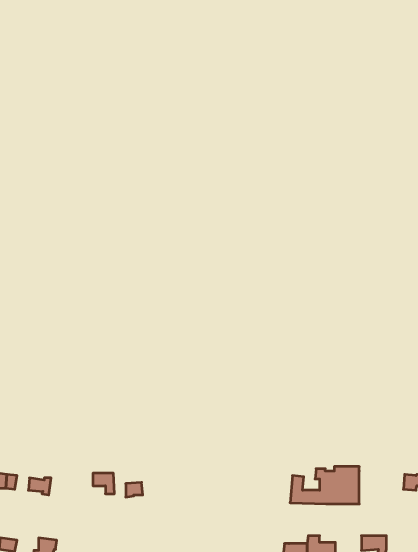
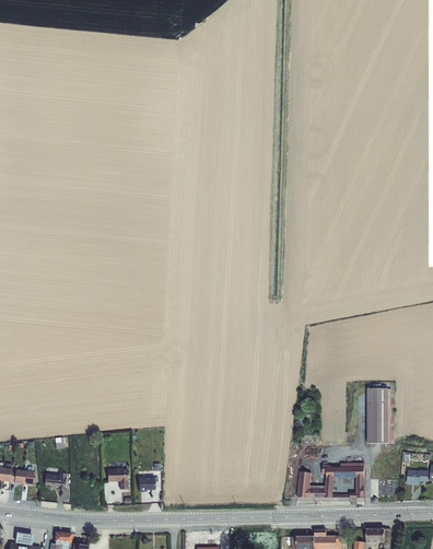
building: none -> [366,389,390,444]

